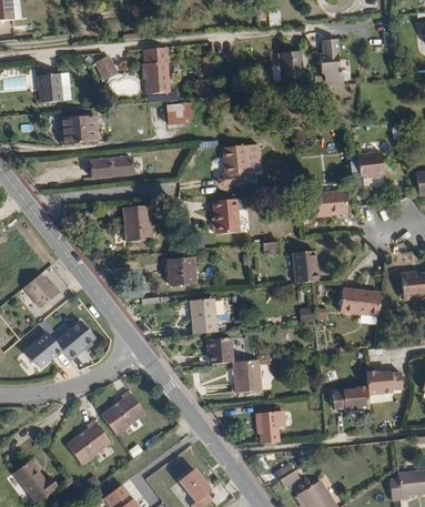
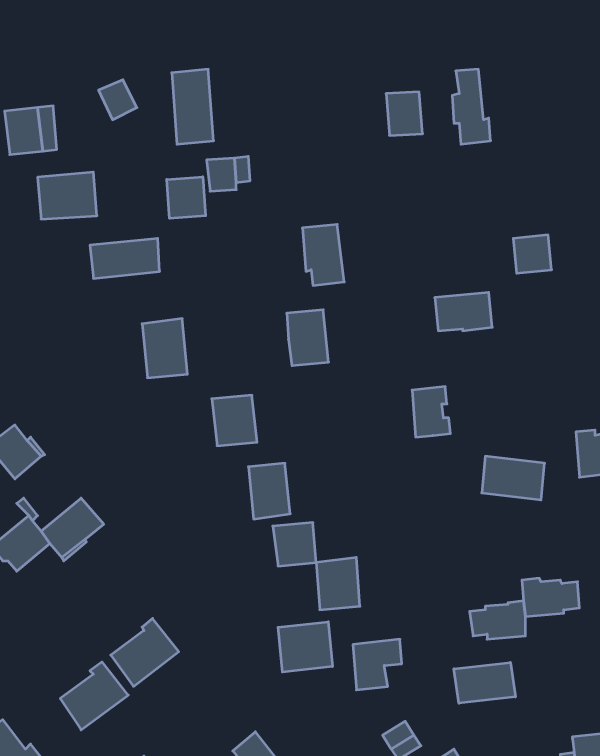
building: none -> [167,177,206,218]
building: none -> [278,622,332,672]
building: none -> [454,662,515,703]

